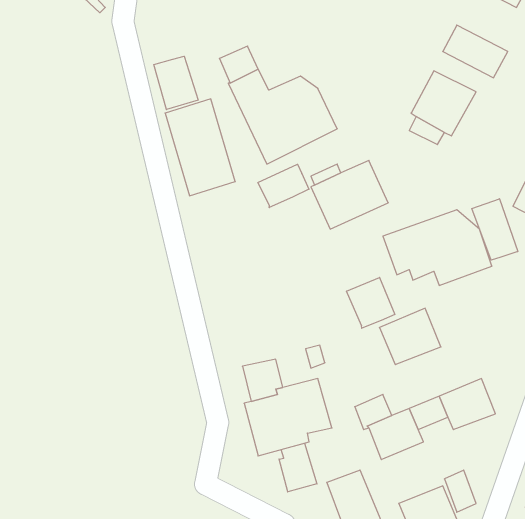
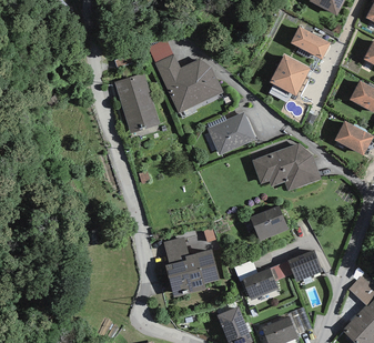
building: [154,56,198,110] -> none
building: [258,164,309,208] -> none
building: [472,199,518,260] -> none
building: [347,277,395,328] -> none
building: [279,443,317,492] -> none

